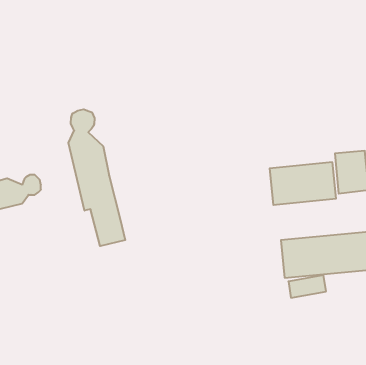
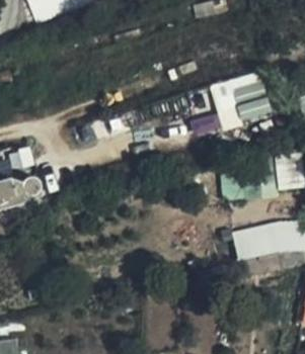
building: none -> [208,71,271,130]
building: [68,109,125,246] -> none

